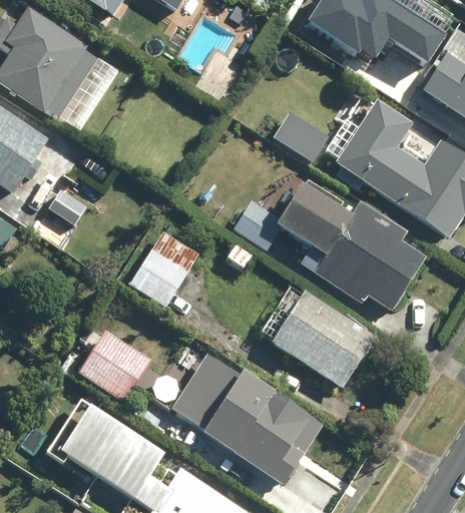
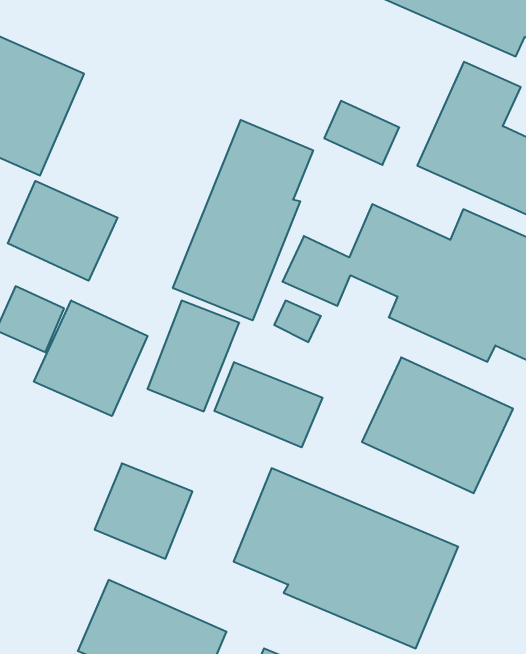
building: none -> [173,120,313,320]
building: none -> [8,181,118,281]
building: none -> [34,300,148,416]
building: none -> [214,362,322,447]

